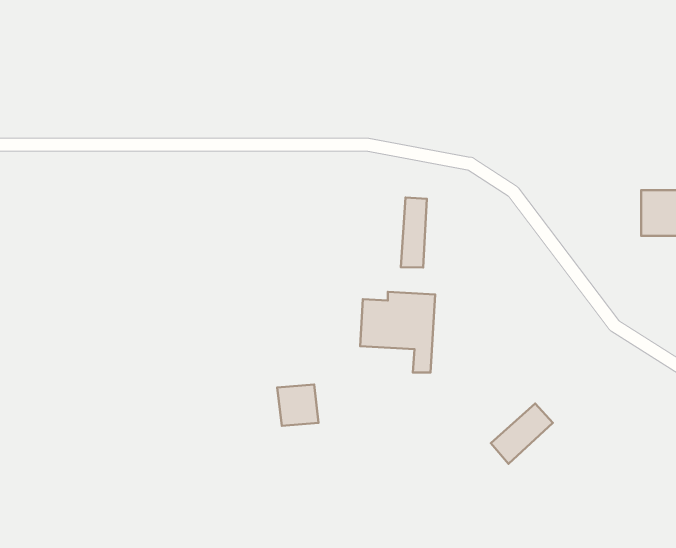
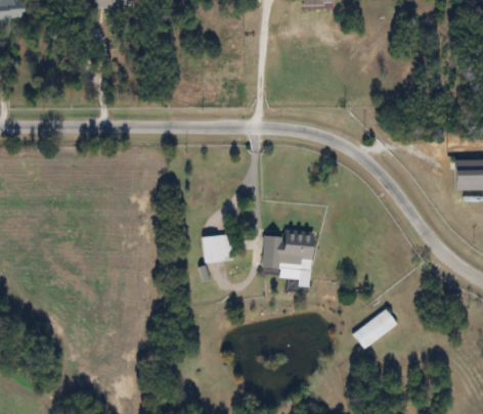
building: [401,198,427,268] -> none
building: [277,385,318,426] -> [202,234,230,263]

